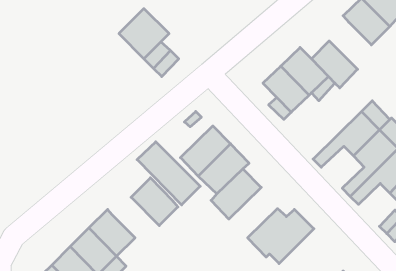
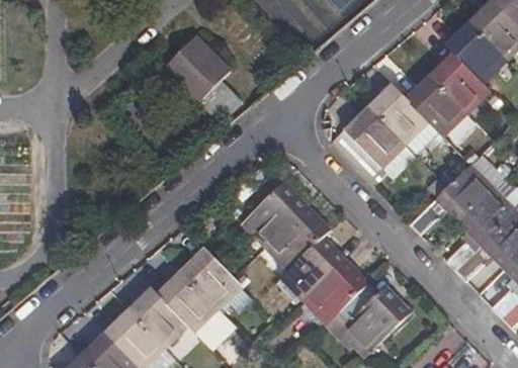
building: none -> [428,54,488,112]
building: [137,142,200,205] -> [157,272,236,351]
building: none -> [303,260,366,323]

